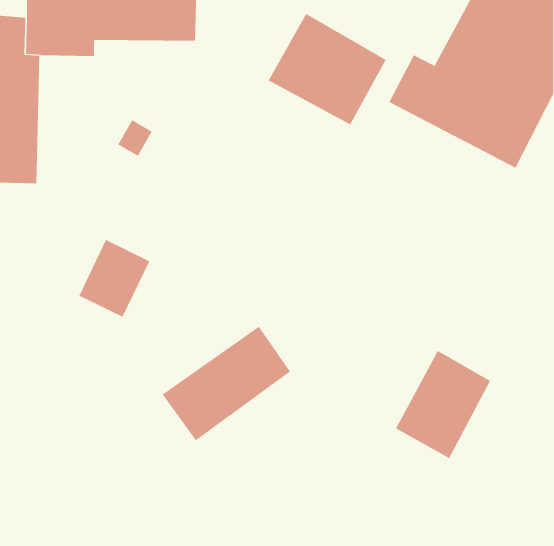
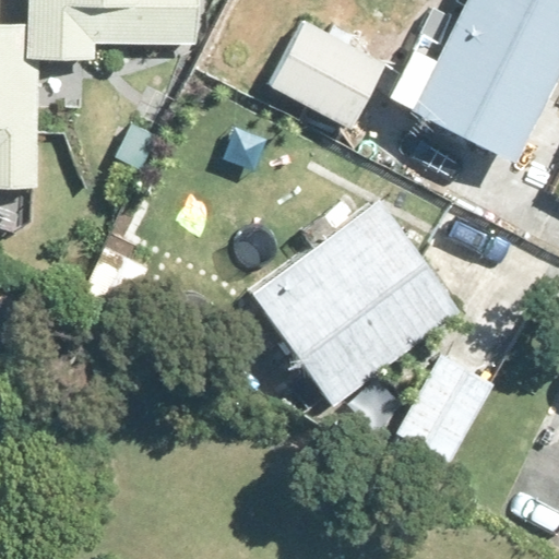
building: none -> [249,202,459,406]
building: [162,326,291,441] -> none

